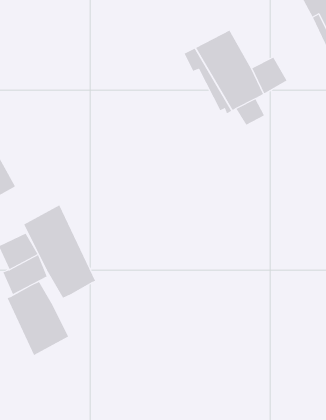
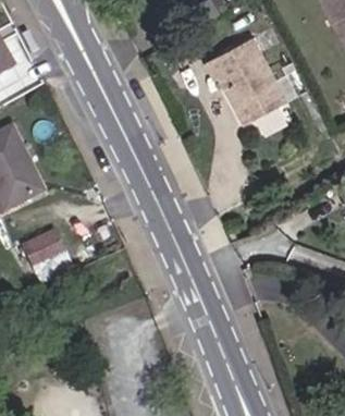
building: [24,205,96,299] -> none
building: [7,281,69,356] -> none

